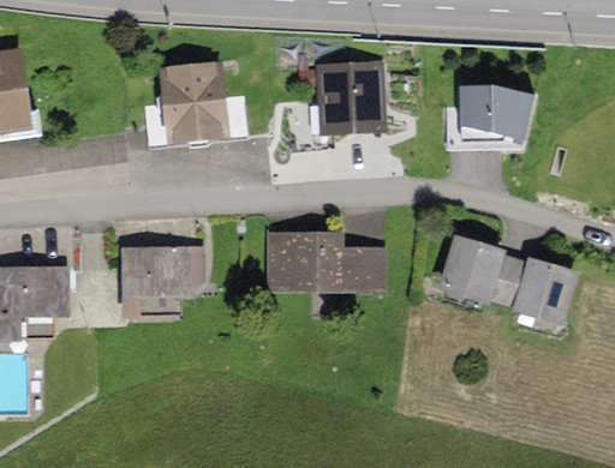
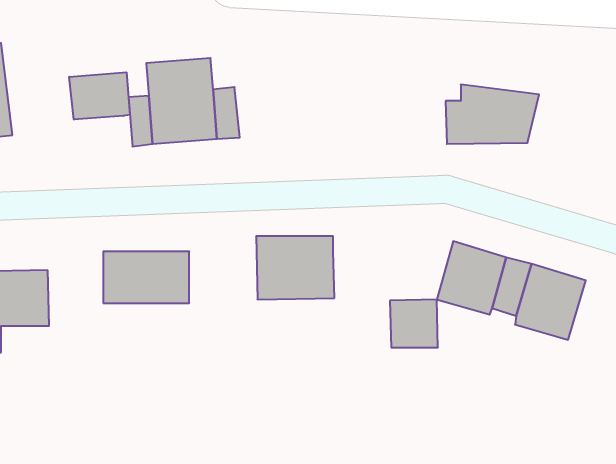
building: [318,64,386,137] -> none
building: none -> [69,72,130,120]
building: [339,245,384,290] -> [390,299,438,347]

